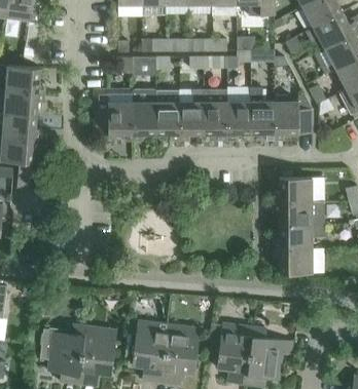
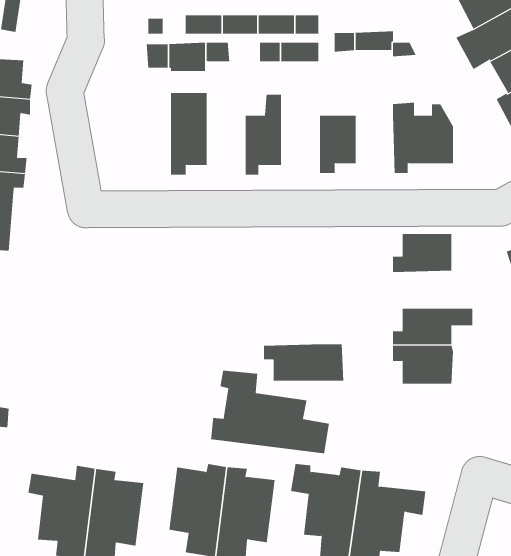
building: [250,86,275,139] -> none
building: [95,87,133,140] -> none
building: [204,88,227,140] -> none
building: [156,102,180,140] -> none
building: [274,200,325,224] -> [263,344,344,381]
building: none -> [210,370,330,454]

